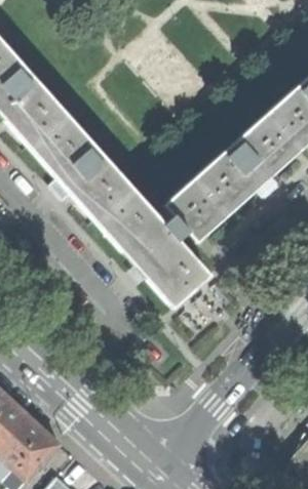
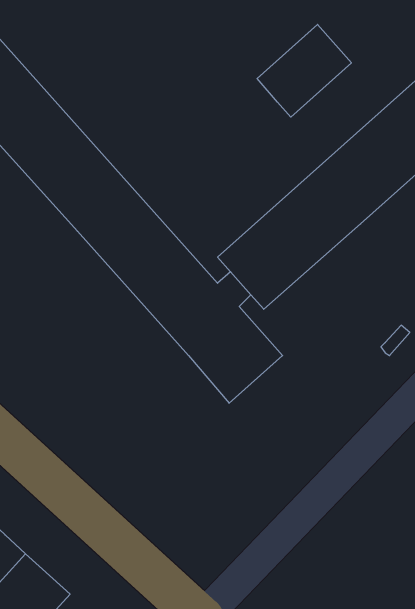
building: none -> [257,24,351,117]

